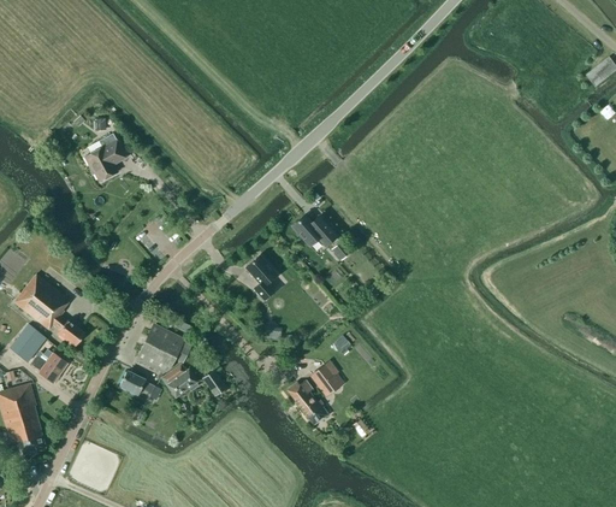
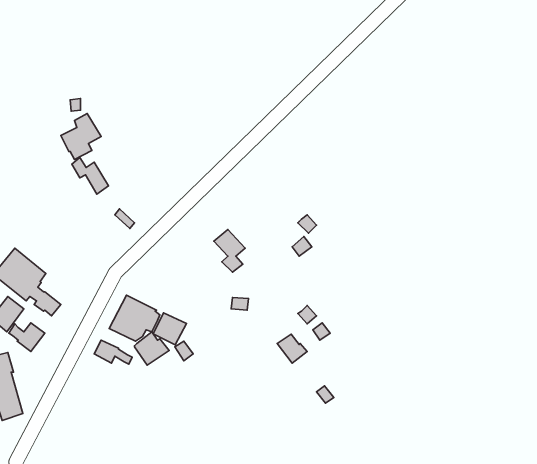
building: none -> [72,158,108,194]
building: [290,212,337,247] -> none
building: none -> [153,313,187,345]
building: [286,378,326,424] -> none

